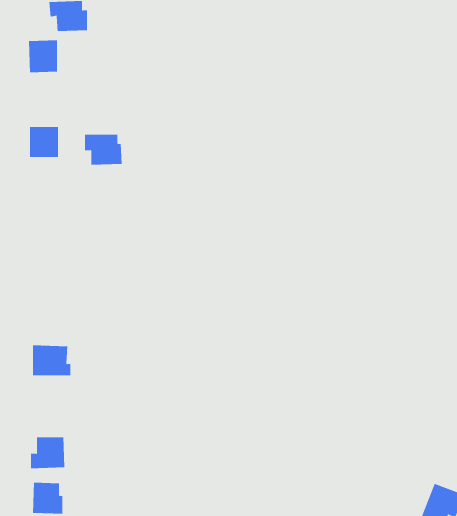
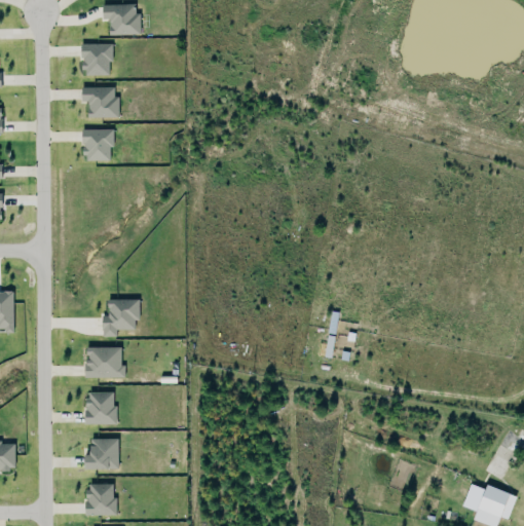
building: [84,134,122,165] -> [81,86,119,117]
building: none -> [102,298,138,336]
building: none -> [85,391,115,423]

